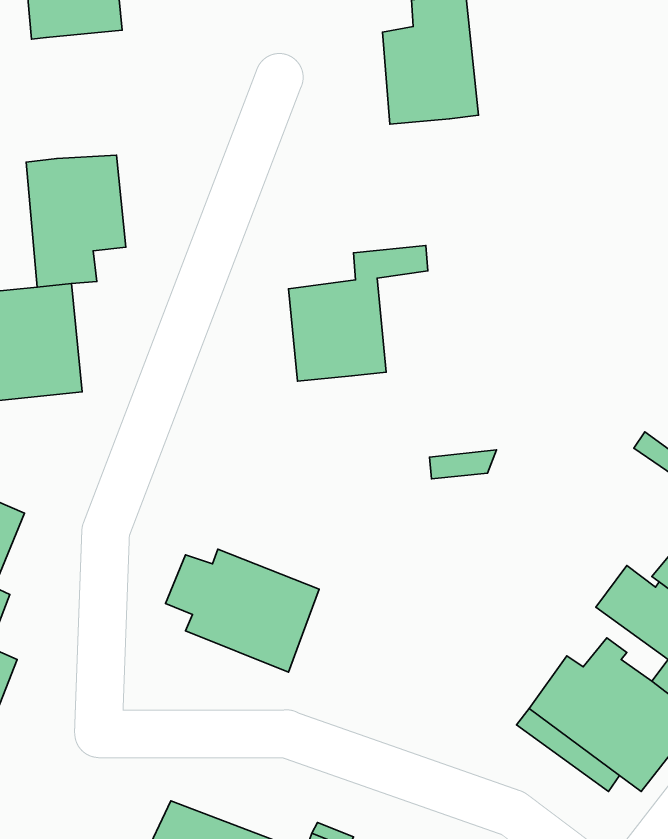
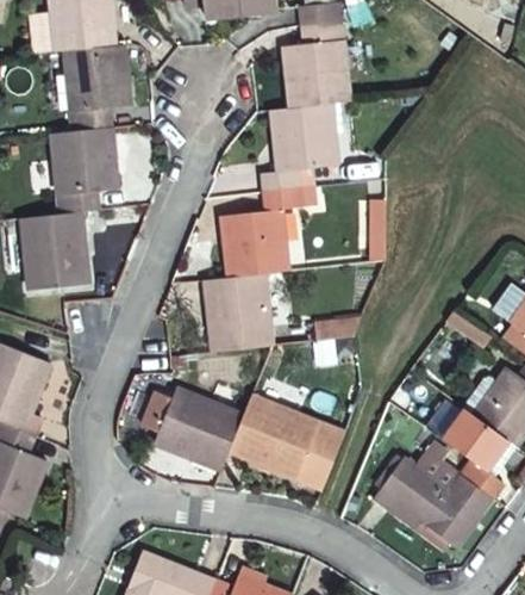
building: none -> [63,44,130,130]
building: none -> [263,104,335,192]
building: none -> [206,273,271,352]
building: none -> [230,396,343,488]

